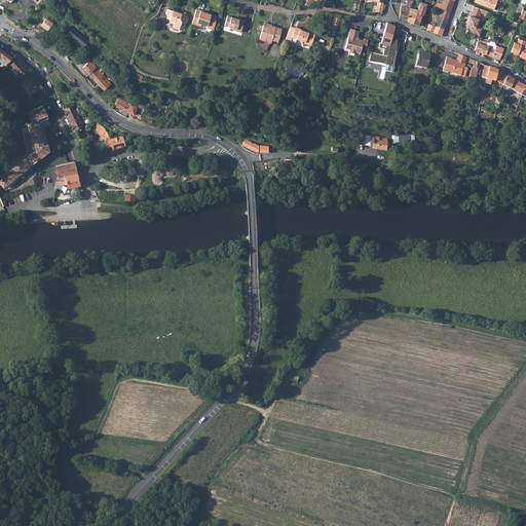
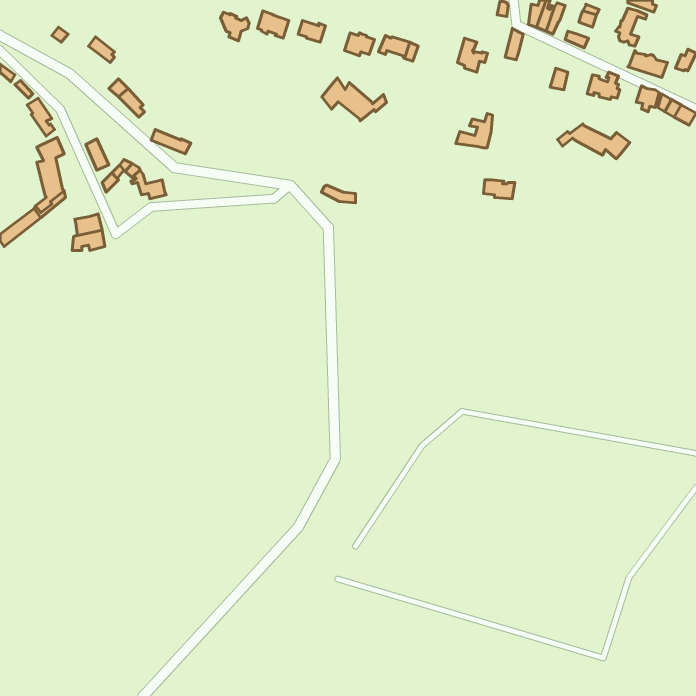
building: [368,39,396,65] -> [456,114,493,148]
building: none -> [322,78,386,121]
building: none -> [558,124,630,159]

